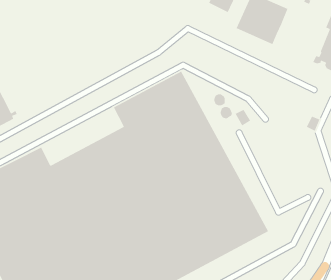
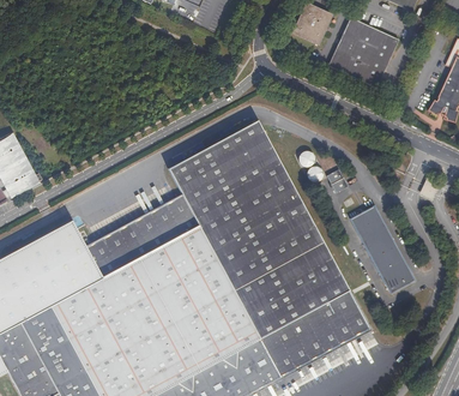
building: none -> [350,206,412,293]

